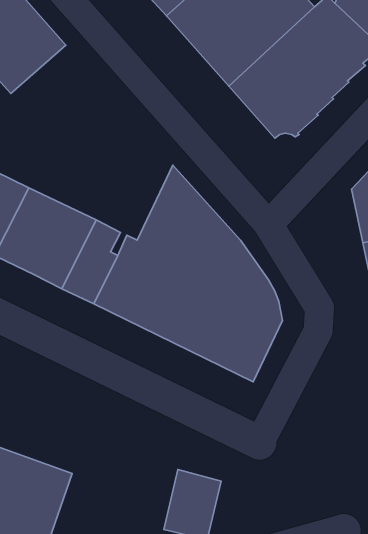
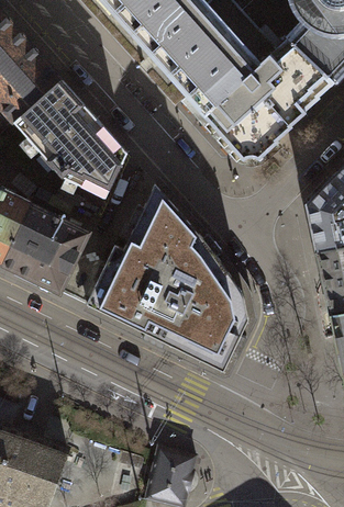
building: none -> [15,81,127,198]

